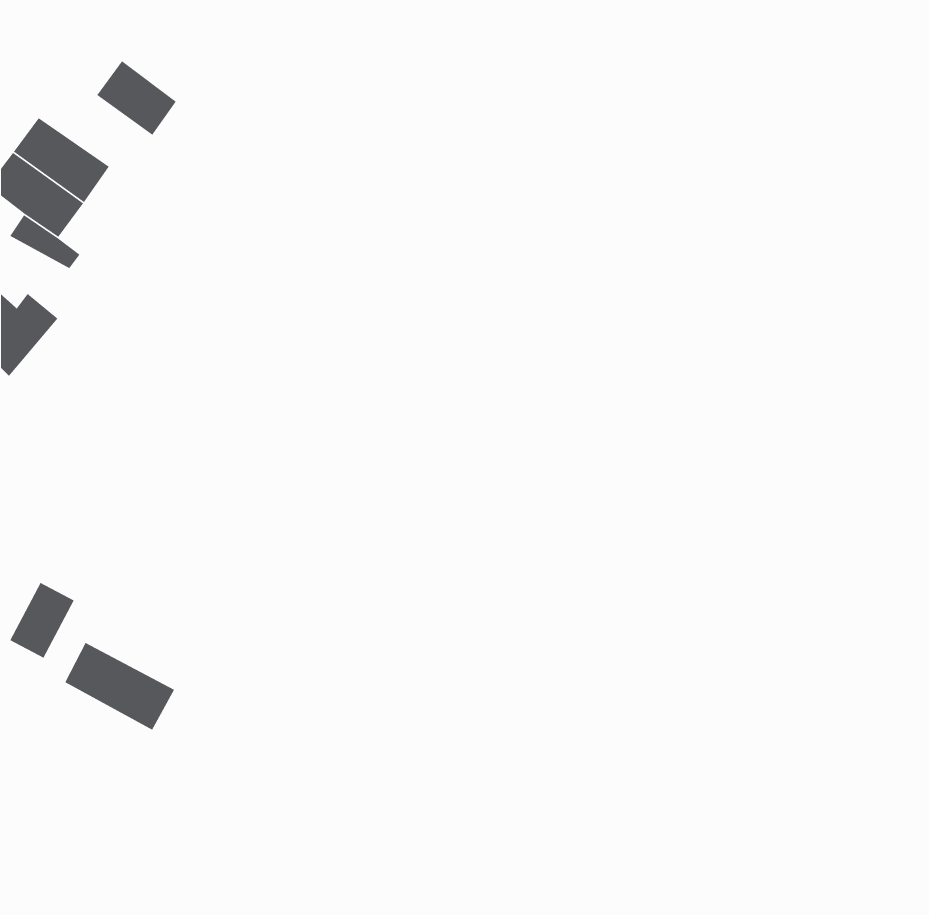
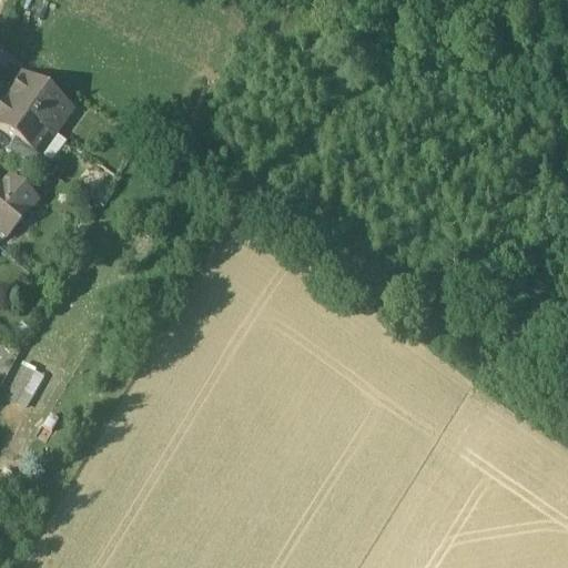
building: [96,60,177,136] -> none
building: [64,642,175,731] -> none

